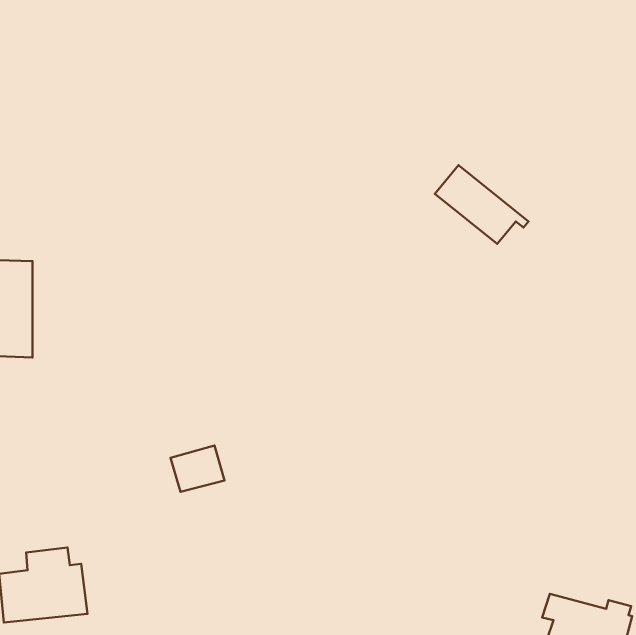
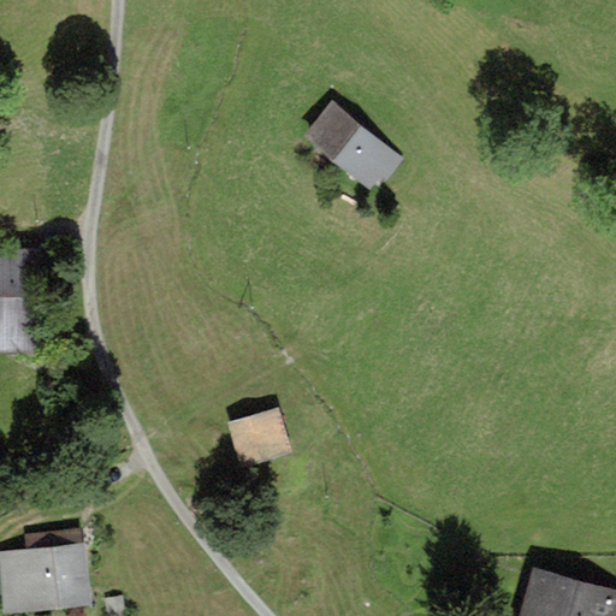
building: [435,165,528,244] -> [306,105,396,180]
building: [171,445,224,492] -> [232,413,284,457]

